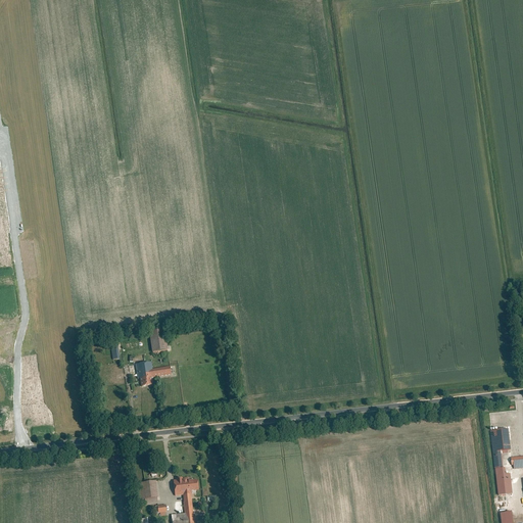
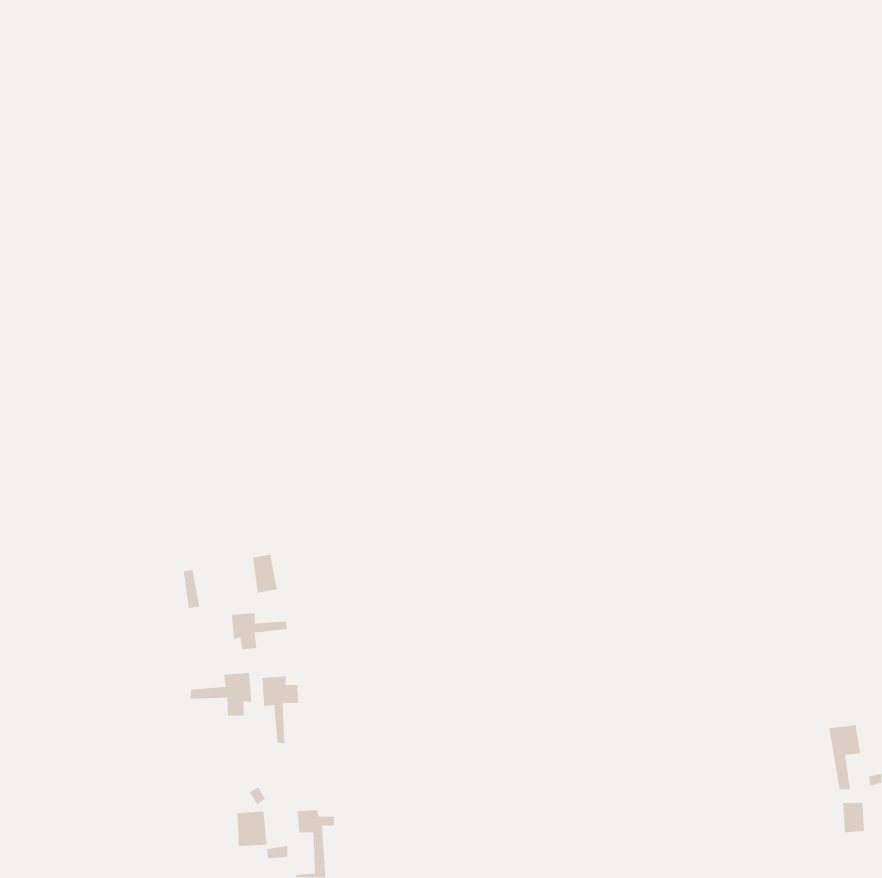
building: none -> [190,672,252,717]
building: none -> [261,676,299,744]

